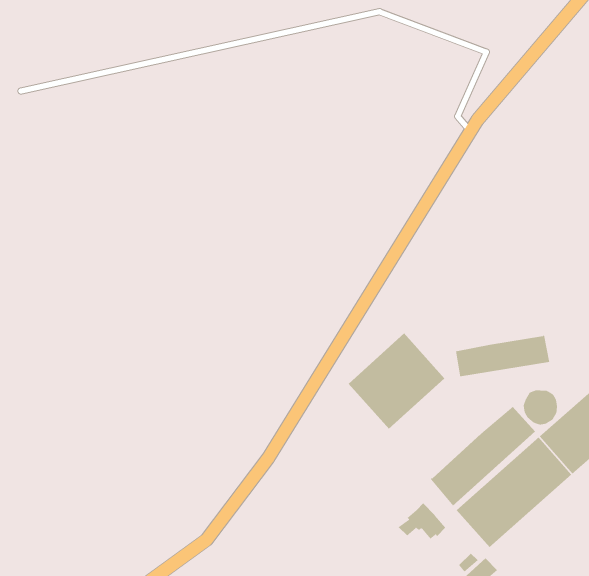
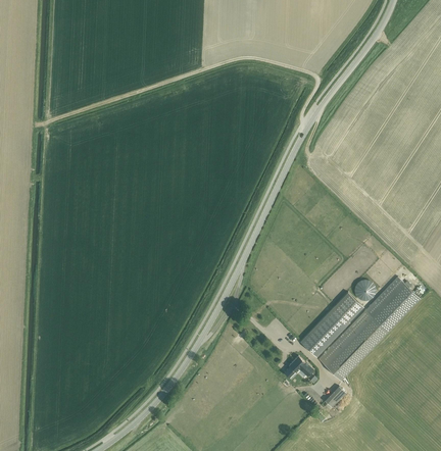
building: [348,333,445,430] -> none
building: [456,335,550,377] -> none

